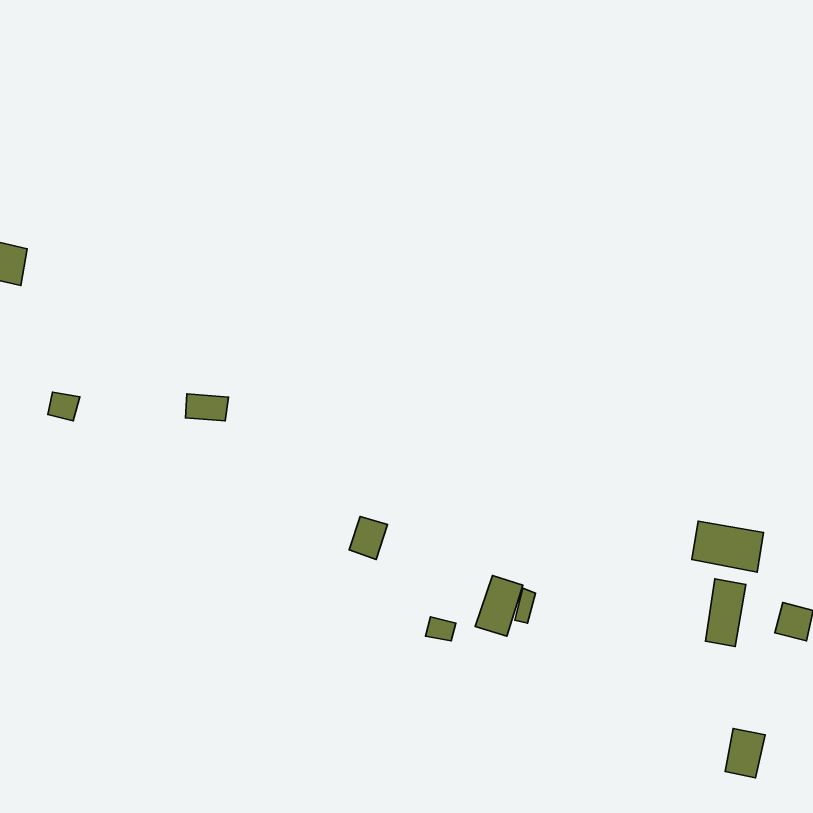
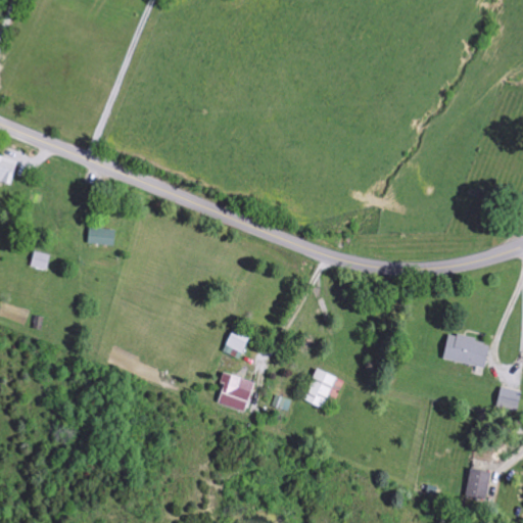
building: [185,394,228,421] -> [88,228,115,245]
building: [706,579,746,646] -> none
building: none -> [218,372,254,412]

